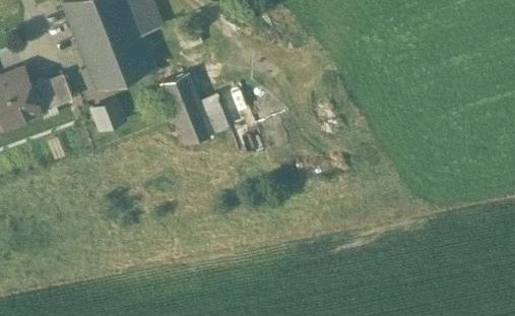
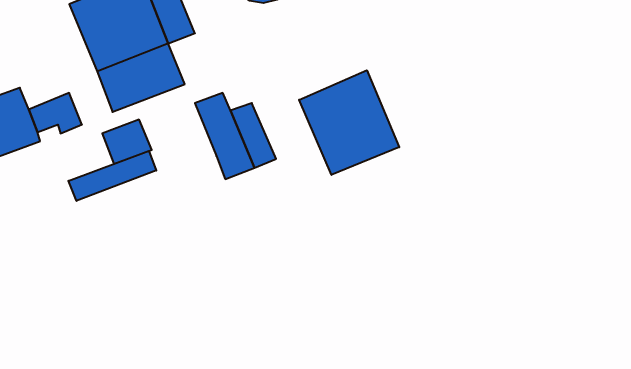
building: none -> [299,70,399,175]
building: none -> [68,151,156,201]

